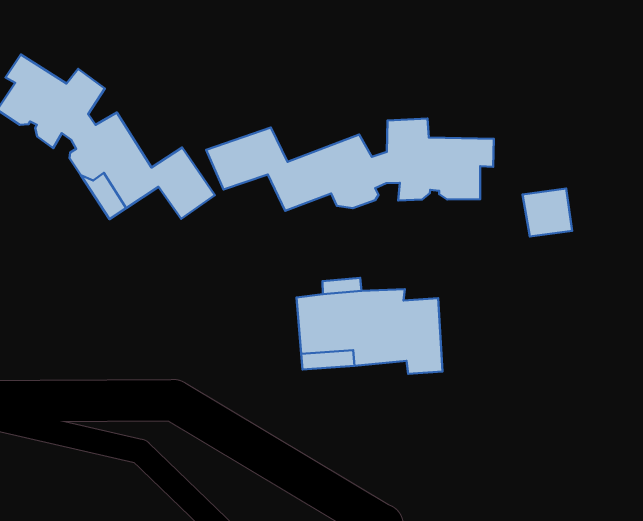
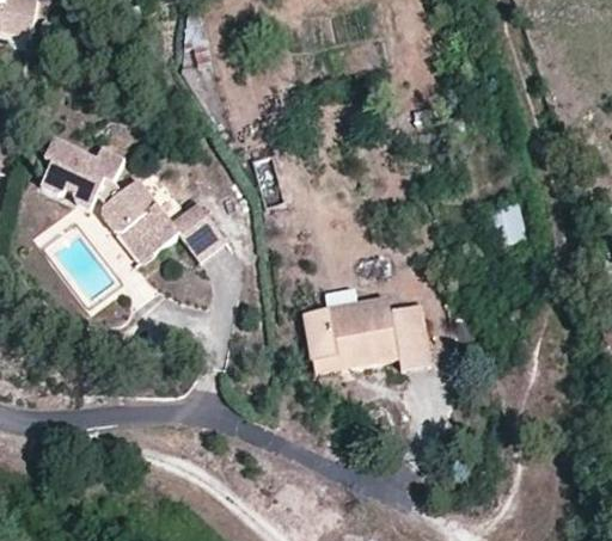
building: [206,119,494,211] -> none

